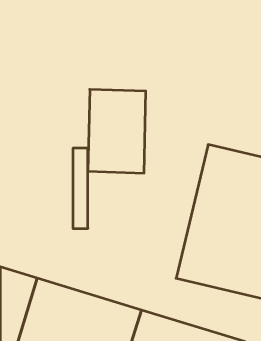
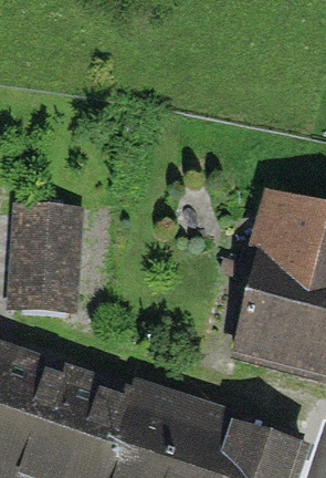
building: [88,89,146,173] -> [14,201,86,305]

